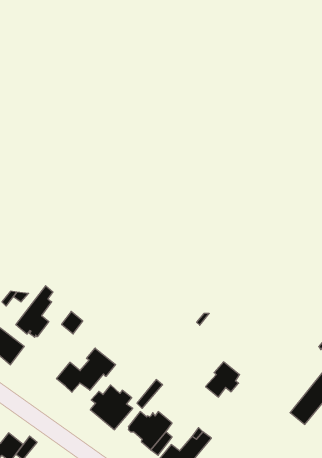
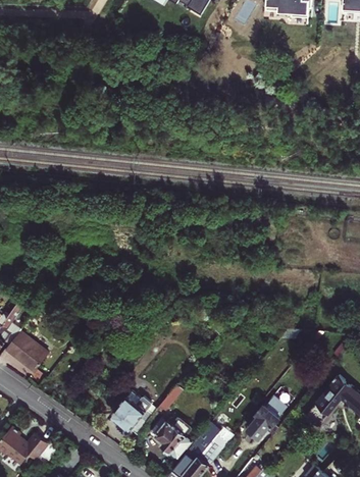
building: [16,286,53,337] -> none
building: [57,348,116,392] -> none
building: [206,362,240,397] -> [247,405,279,438]

